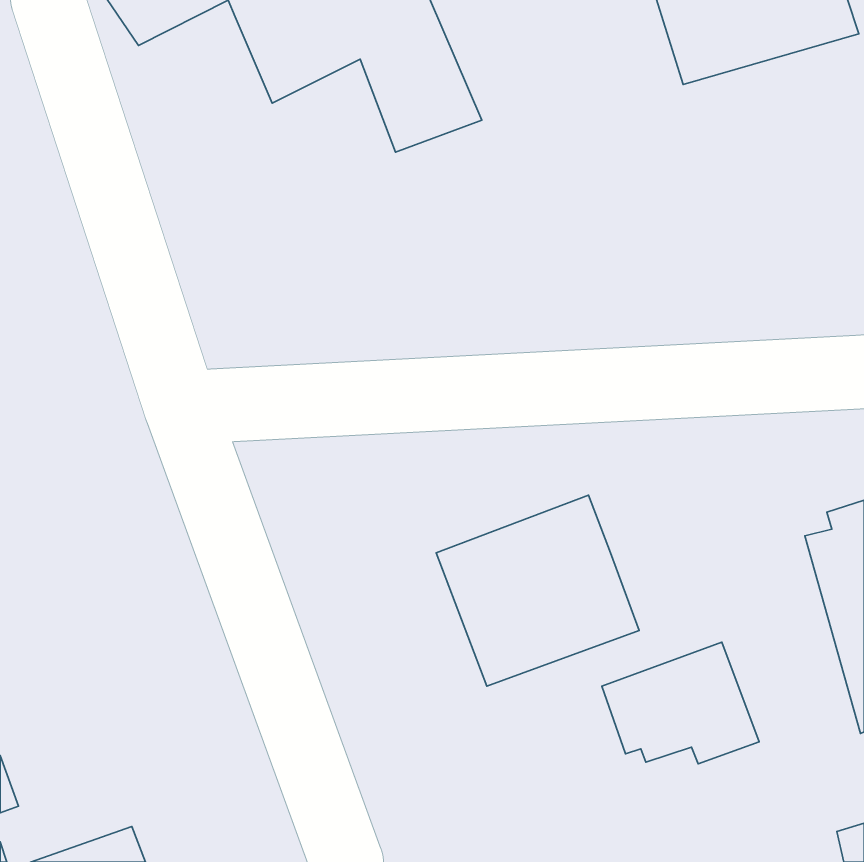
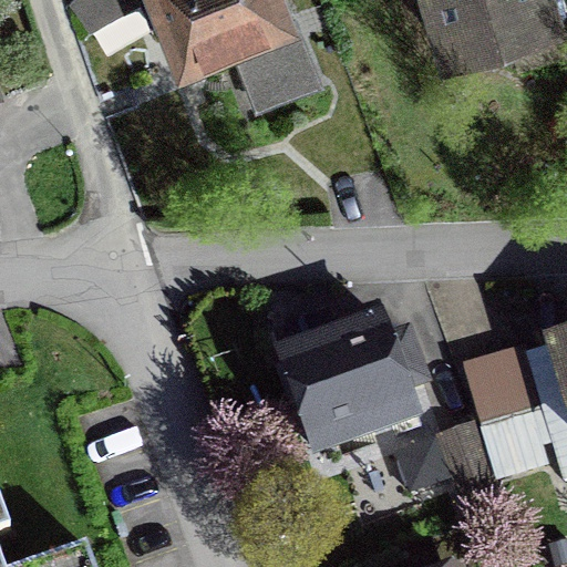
building: none -> [462,344,550,482]

